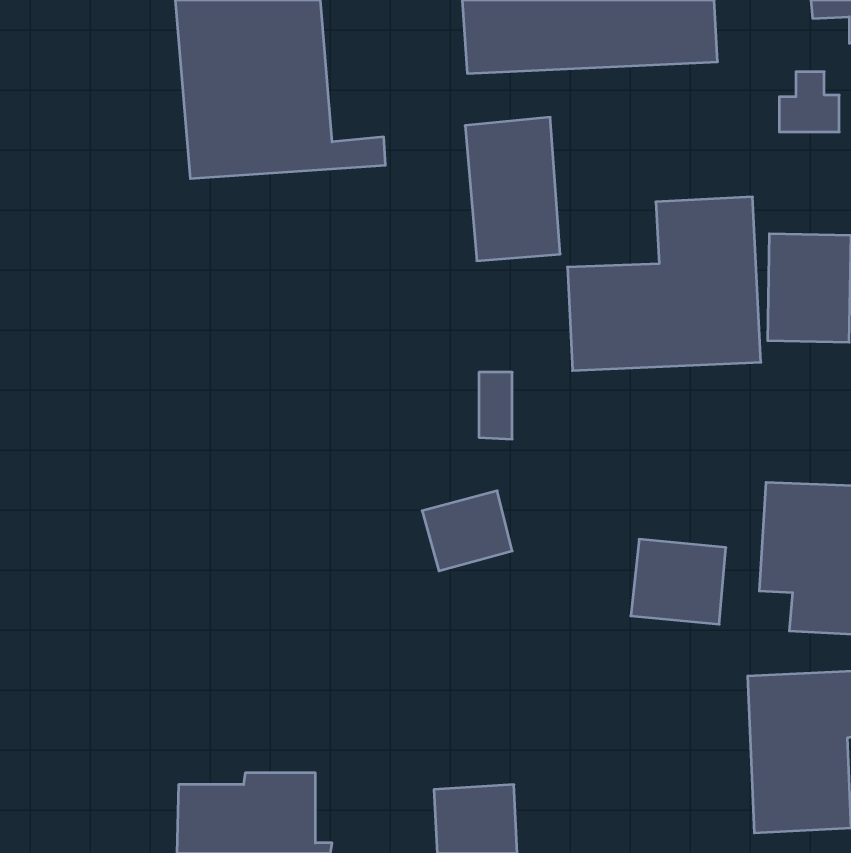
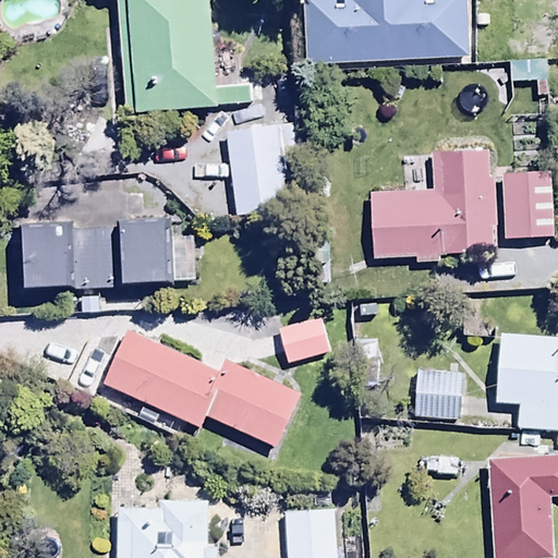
building: [465,117,560,261] -> [227,112,289,206]
building: none -> [25,223,170,295]
building: none -> [105,333,303,450]

